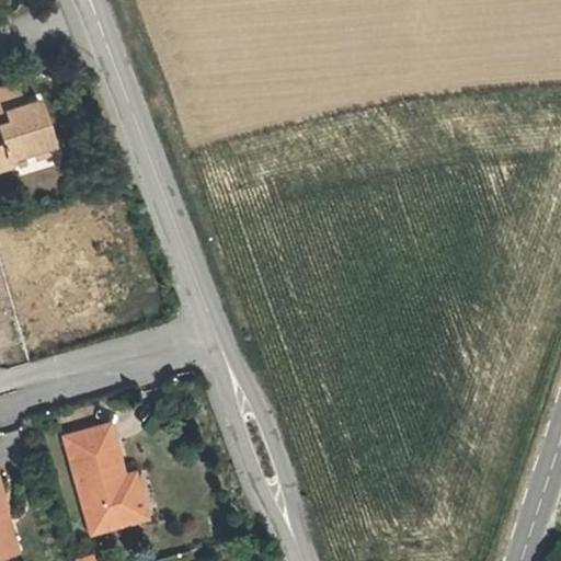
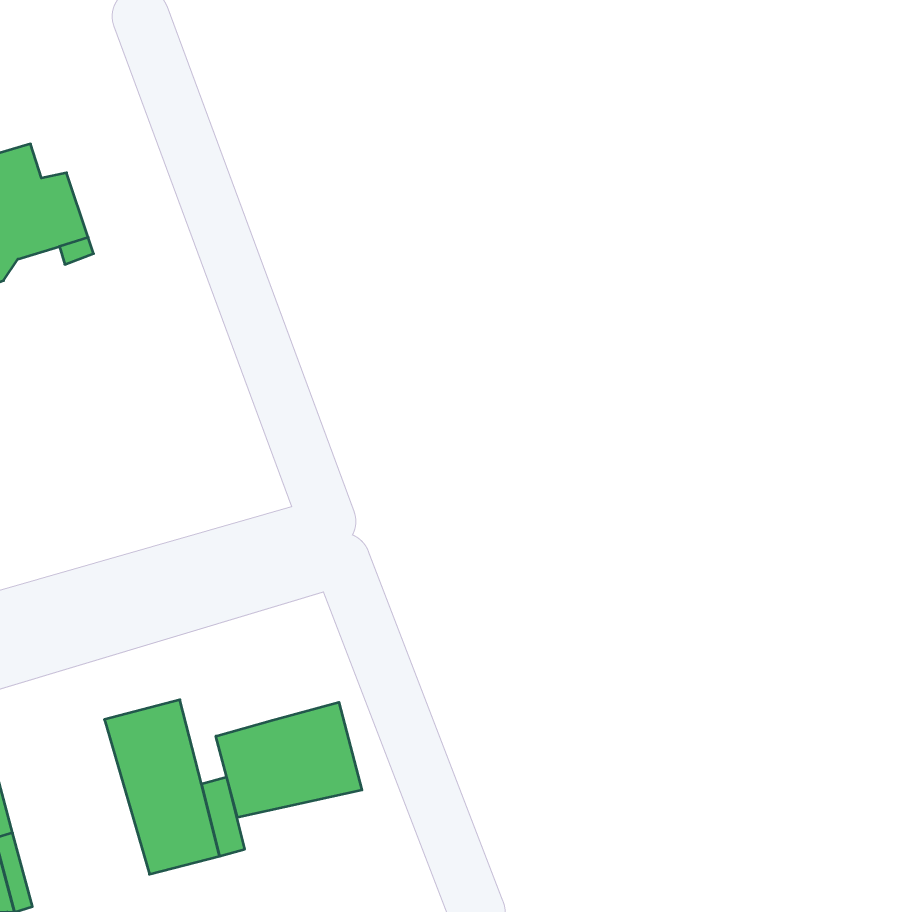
building: none -> [216,702,362,817]

